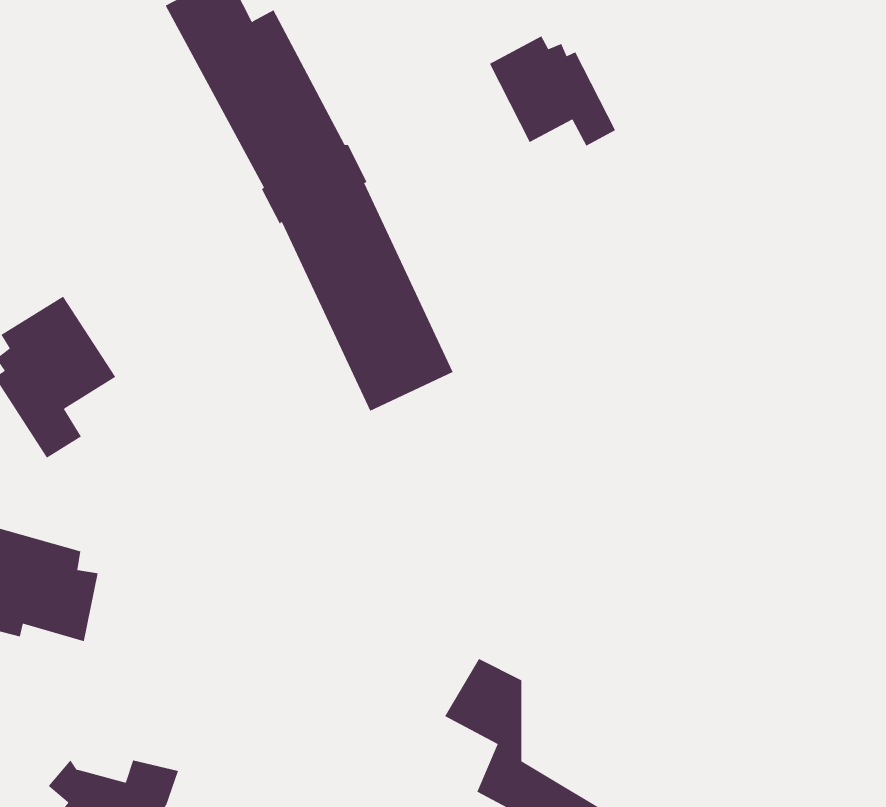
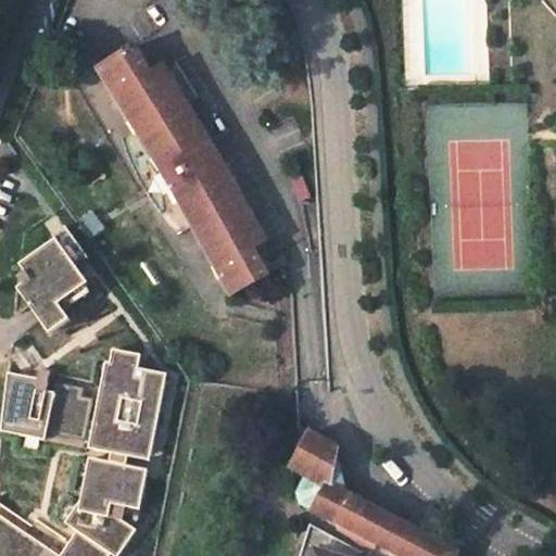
building: [489,35,616,146] -> none
building: none -> [90,350,164,459]
building: none -> [78,459,144,517]

